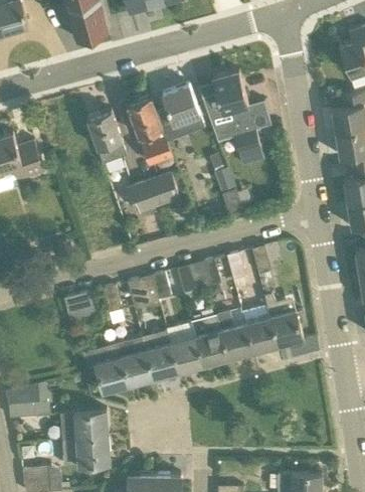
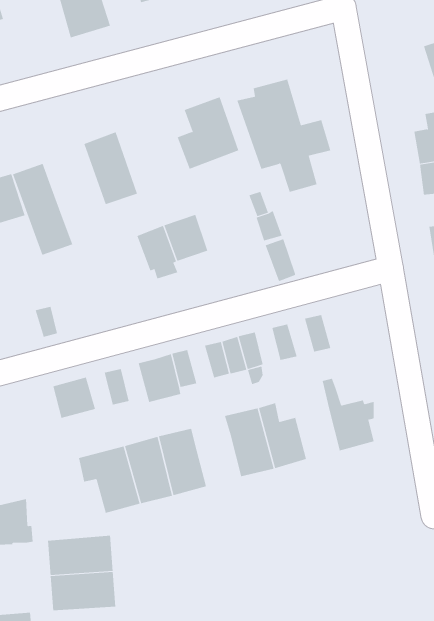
building: [128,97,173,165] -> [12,163,73,255]
building: [245,316,278,353] -> none
building: [171,335,204,373] -> none

